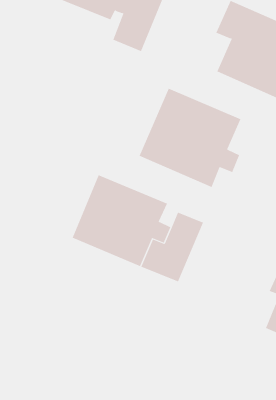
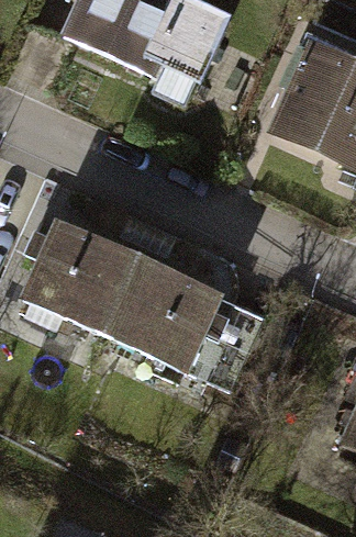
building: [139,88,241,188] -> none
building: none -> [23,215,135,332]

